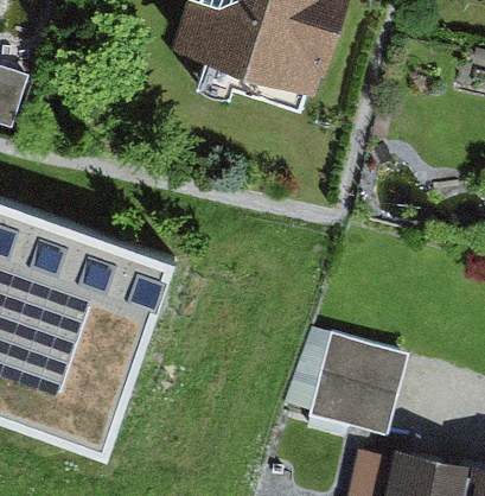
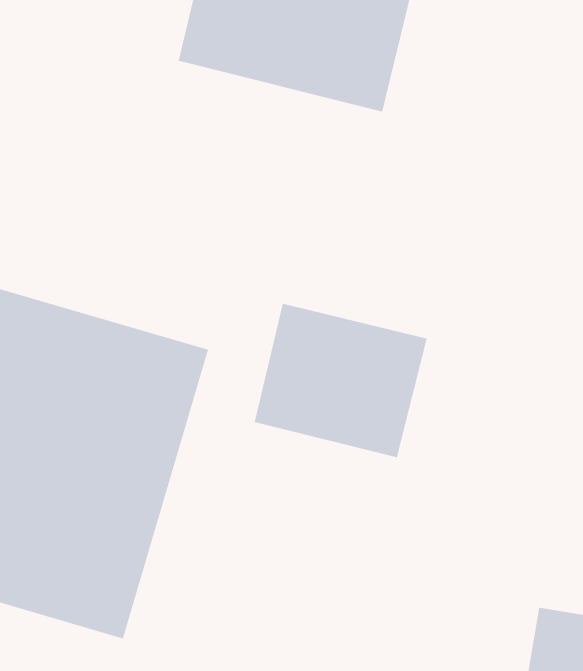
building: [287,325,409,435] -> [254,303,427,458]

